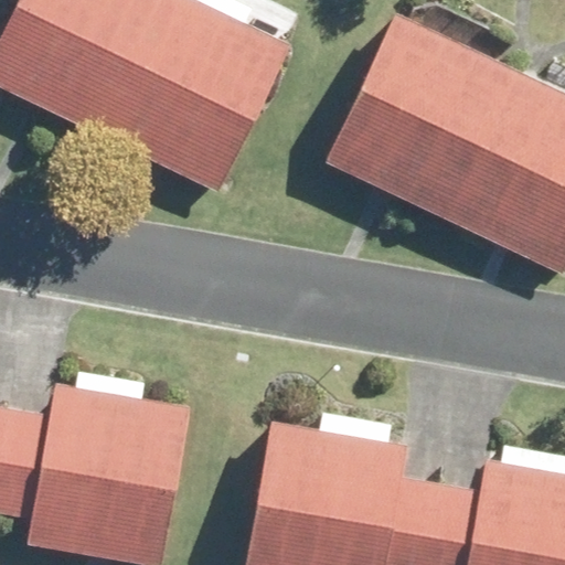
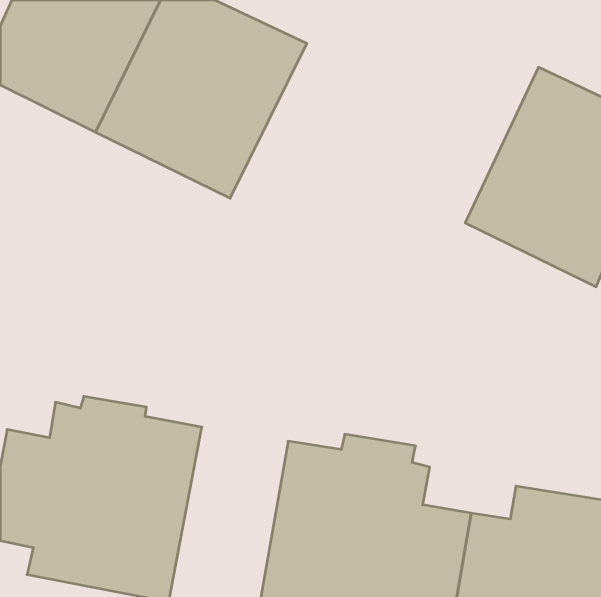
building: [321,14,505,214] -> none

